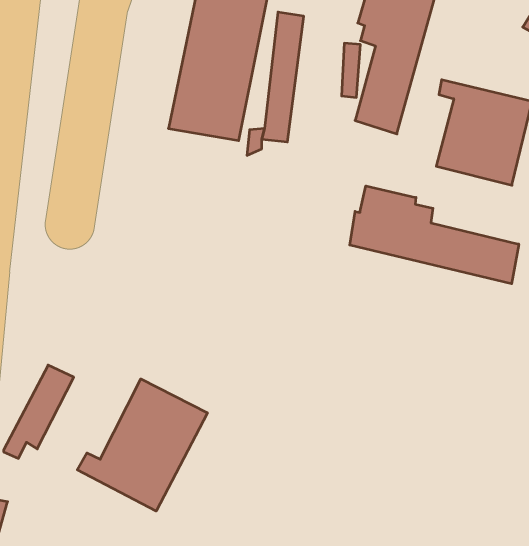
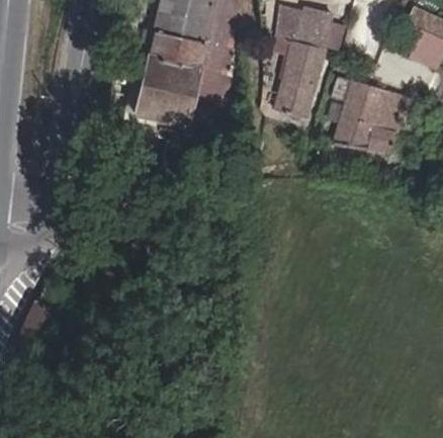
building: [350,186,519,284] -> none
building: [77,379,207,511] -> none

